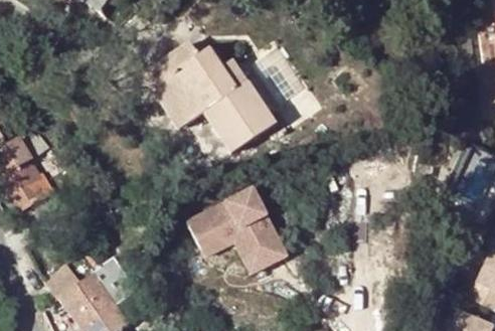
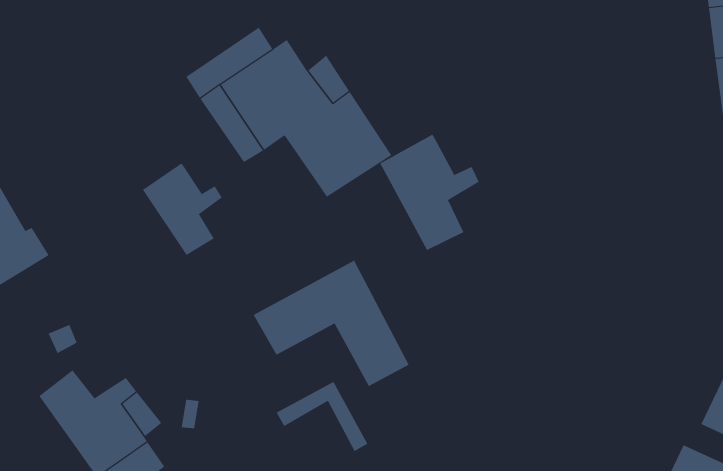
building: none -> [380,134,480,251]
building: none -> [142,163,222,256]
building: [201,231,261,277] -> [276,381,368,452]

